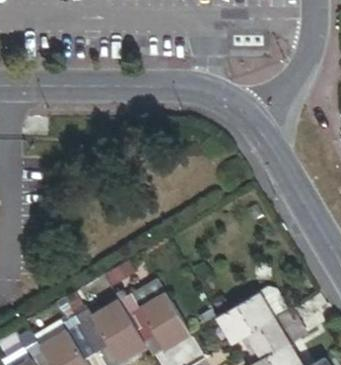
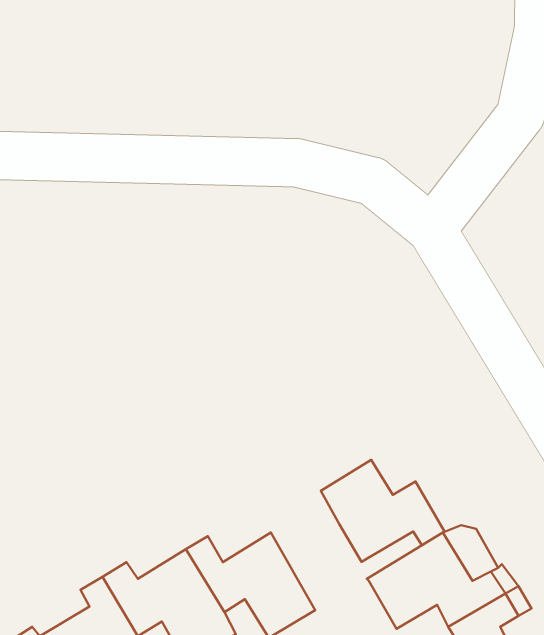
building: none -> [321,460,445,562]

